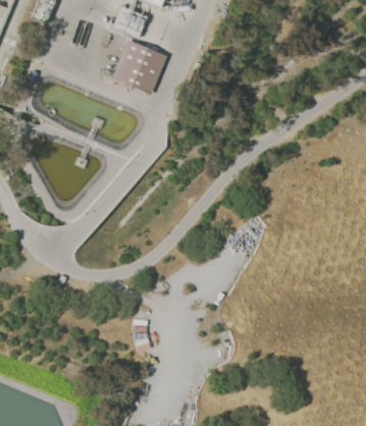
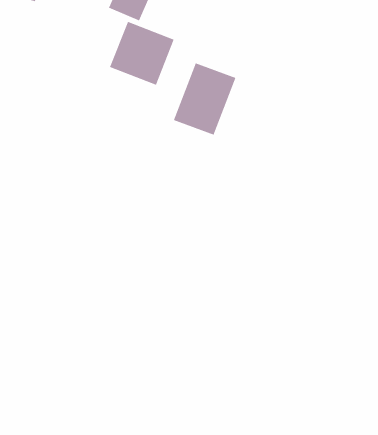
building: none -> [173,62,236,136]

